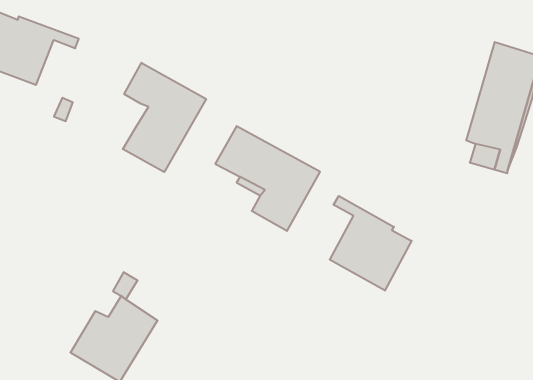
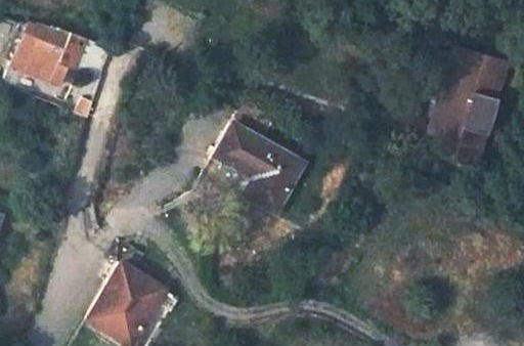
building: [123,63,206,172] -> none
building: [330,196,412,291] -> none

